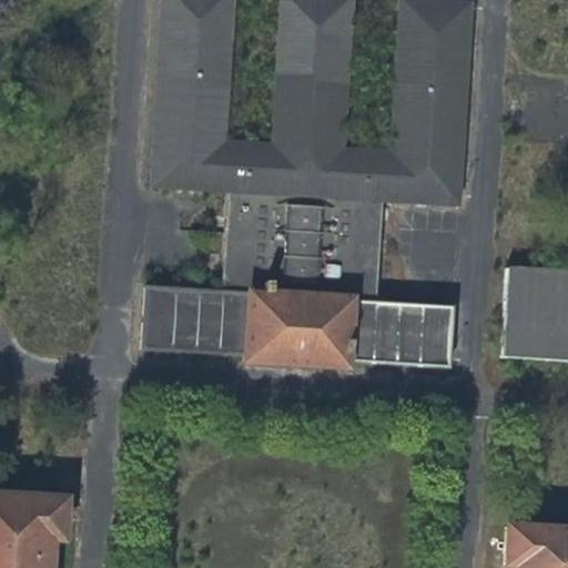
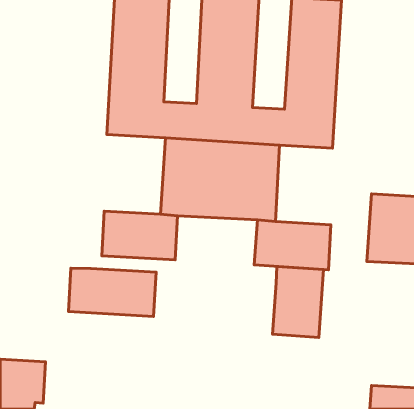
building: [241,294,354,375] -> none
building: none -> [272,267,323,338]
building: none -> [68,268,156,316]

